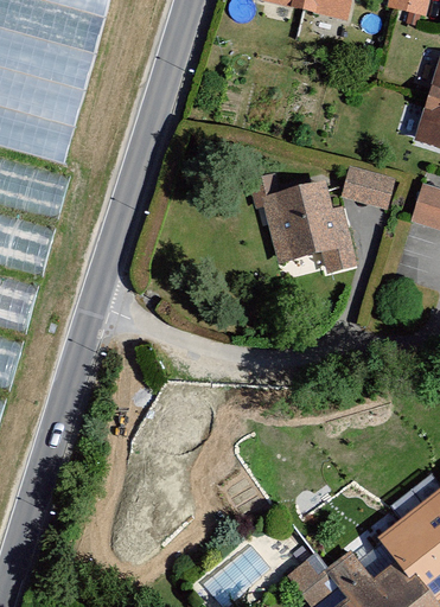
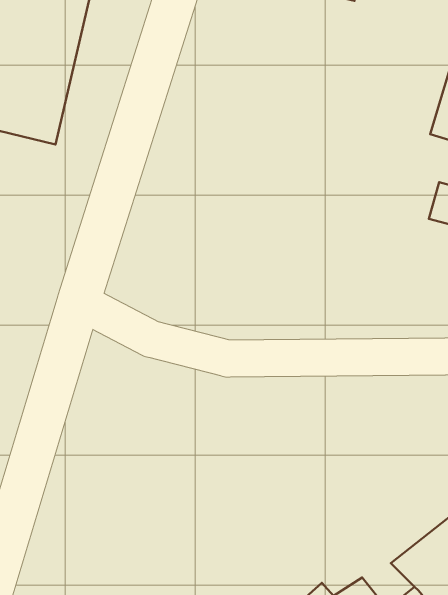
building: [340,170,393,207] -> none
building: [261,181,356,271] -> none

